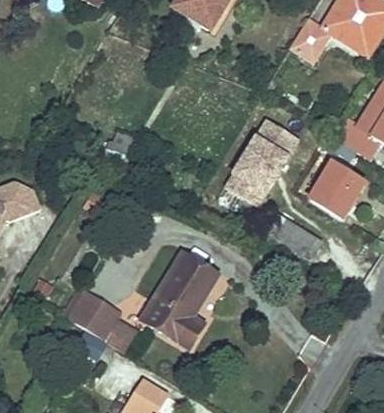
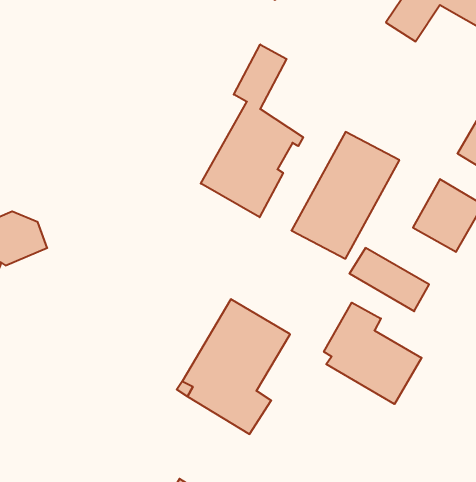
building: none -> [201,44,303,217]
building: none -> [324,303,422,404]
building: [64,288,125,349] -> none

